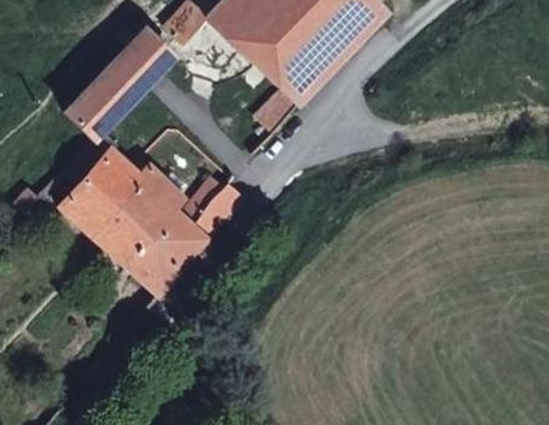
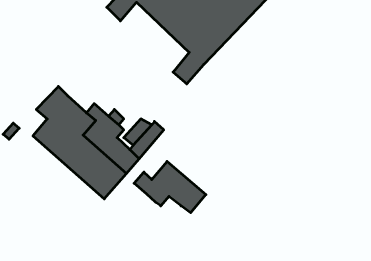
building: [66,25,171,136] -> none
building: none -> [134,161,206,213]

